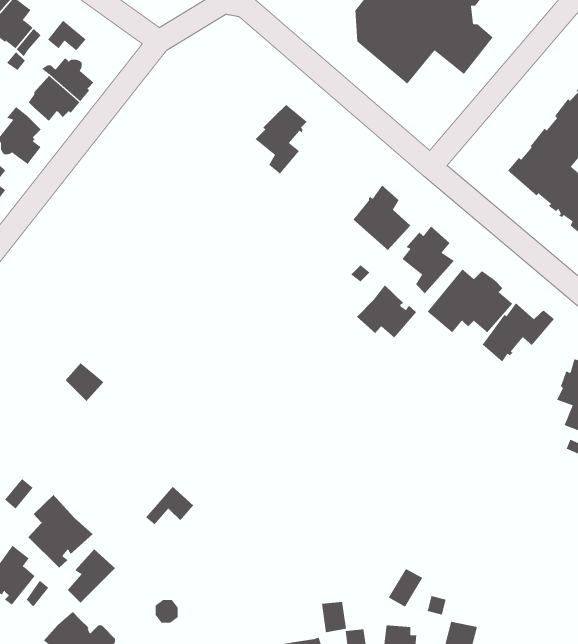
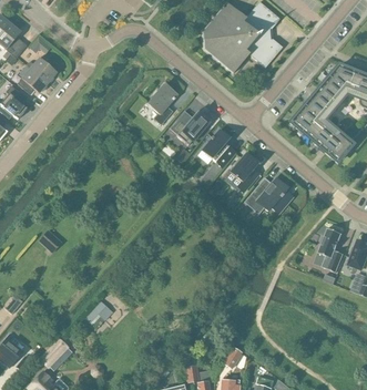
building: none -> [171,111,210,145]
building: [356,284,417,338] -> none
building: [482,302,555,362] -> none
building: [27,494,93,569] -> none

